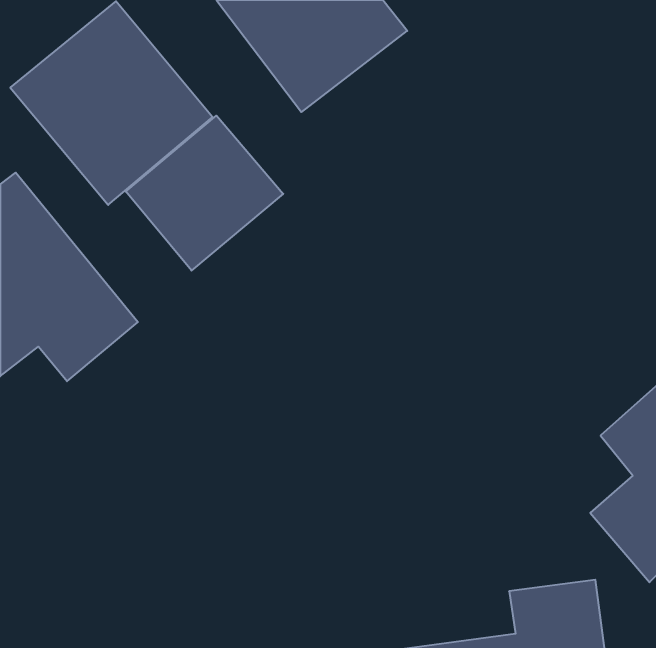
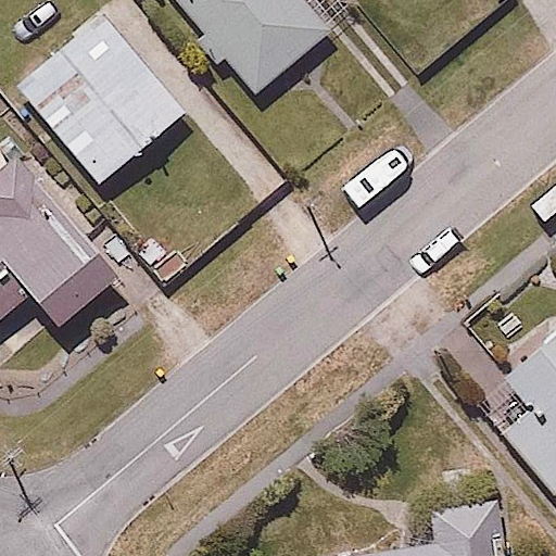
building: [126,116,283,271] -> none

